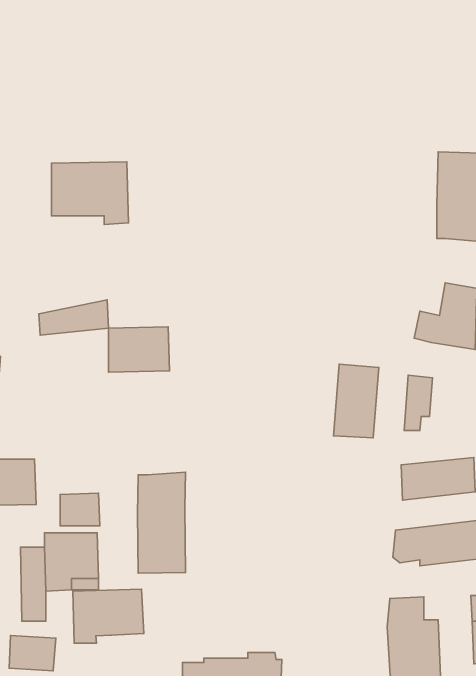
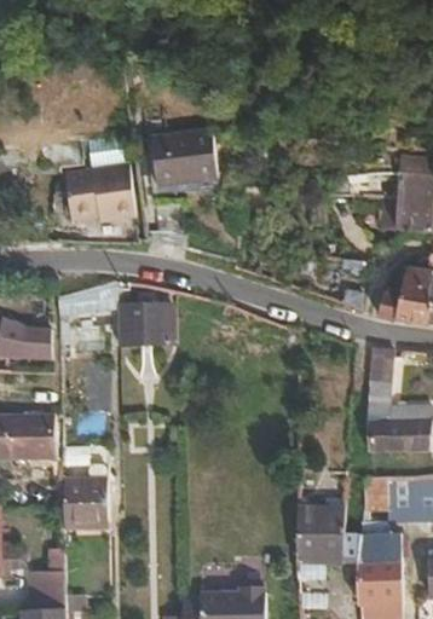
building: none -> [161,133,226,187]
building: [334,364,379,438] -> none
building: [137,472,185,573] -> none
building: none -> [295,507,357,591]
building: [73,589,144,643] -> none

